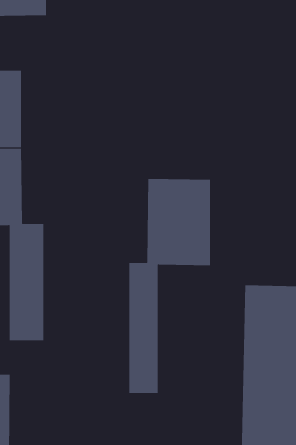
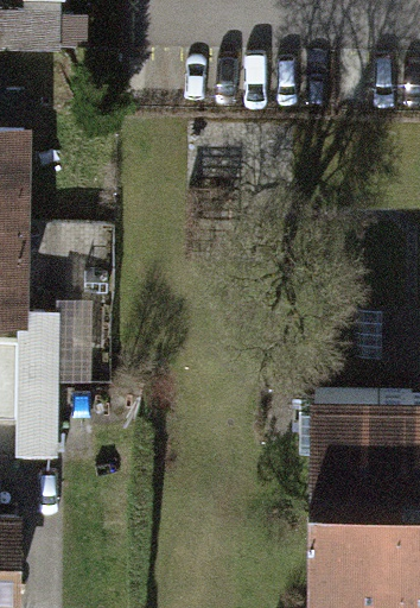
building: [128,178,211,394] -> none

